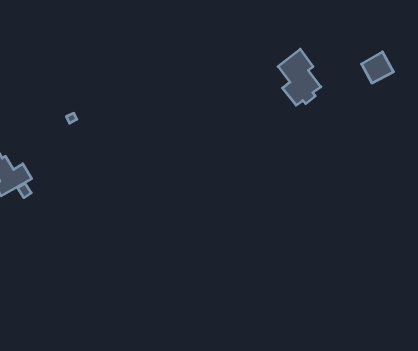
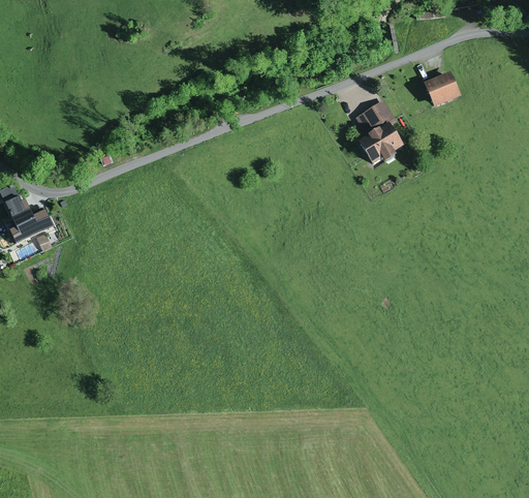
building: [361,52,394,83] -> [424,70,461,106]

